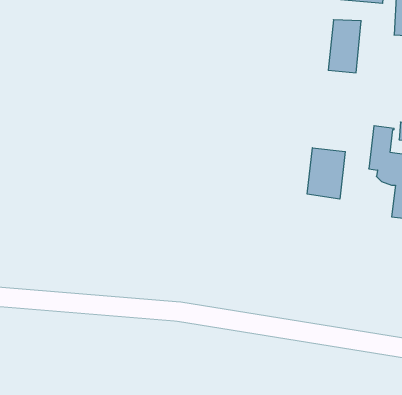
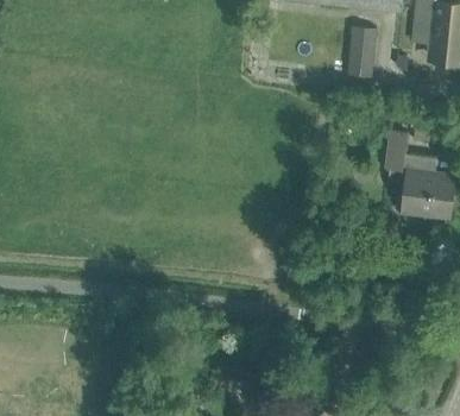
building: [307,148,345,199] -> none

